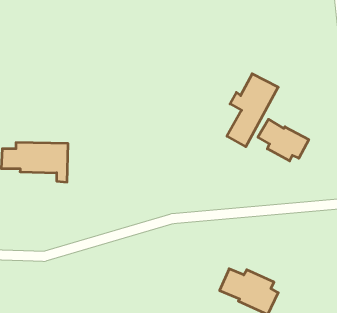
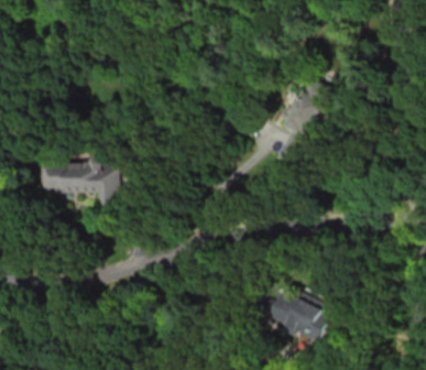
building: [258,119,309,161] -> none

